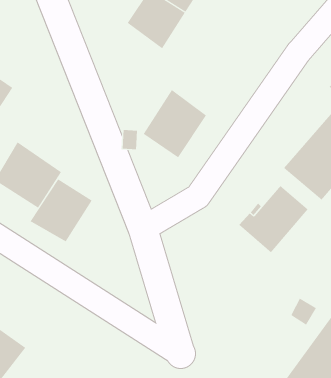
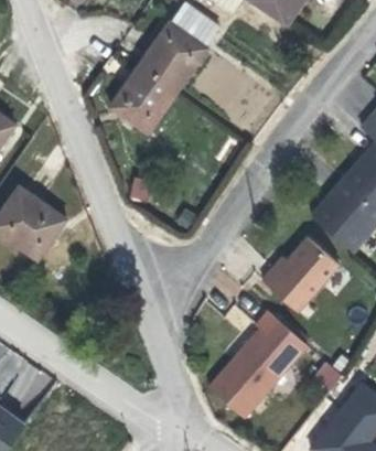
building: [143,89,207,158] -> [109,60,179,135]
building: [30,178,93,242] -> none
building: none -> [206,309,305,417]

